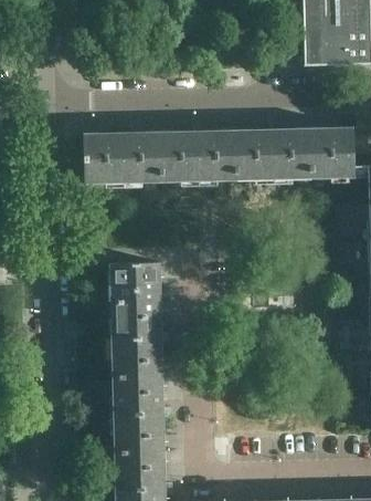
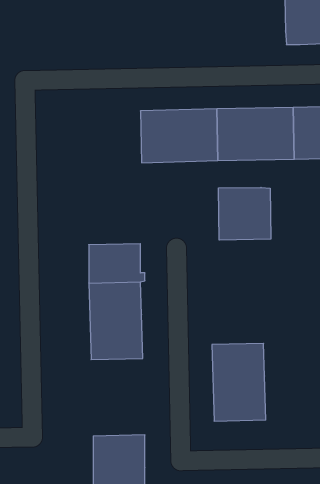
building: [85,131,162,182] -> none
building: none -> [219,187,271,240]
building: [113,374,166,450] -> [212,343,266,421]

